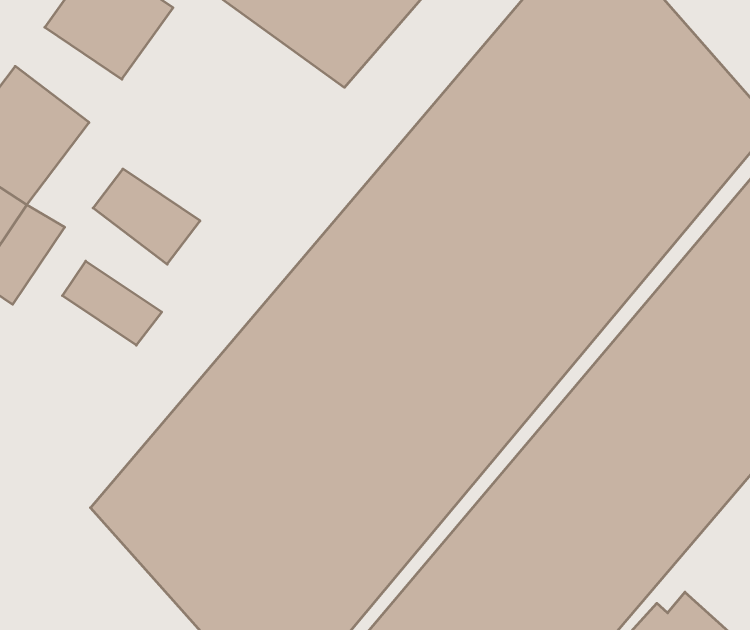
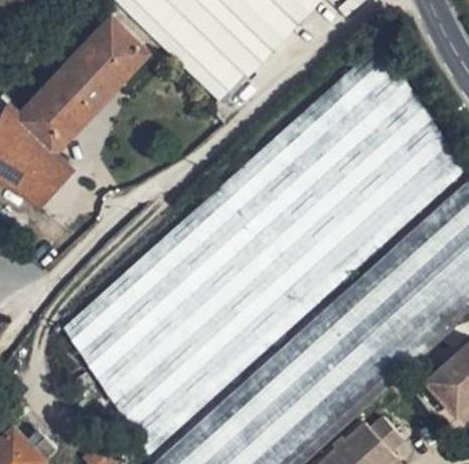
building: [93,169,200,264] -> [54,60,112,116]
building: [62,261,162,345] -> none

